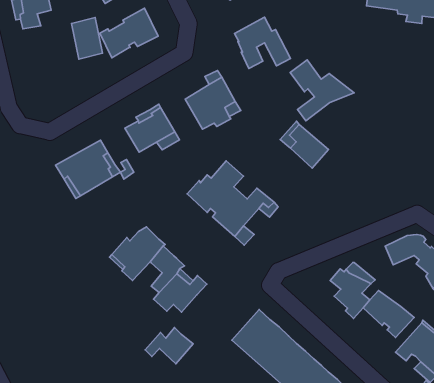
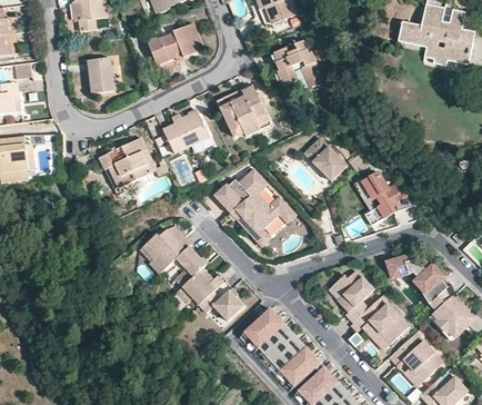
building: [72,17,102,59] -> [87,56,112,92]
building: [290,60,354,121] -> [360,170,416,226]
building: [145,328,193,364] -> [199,285,243,318]

